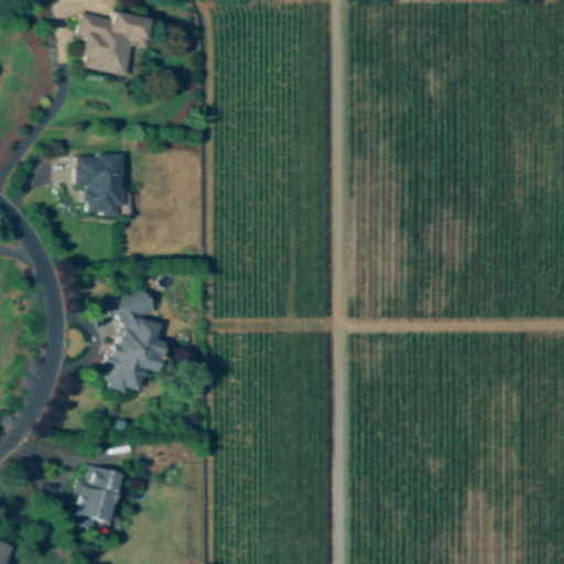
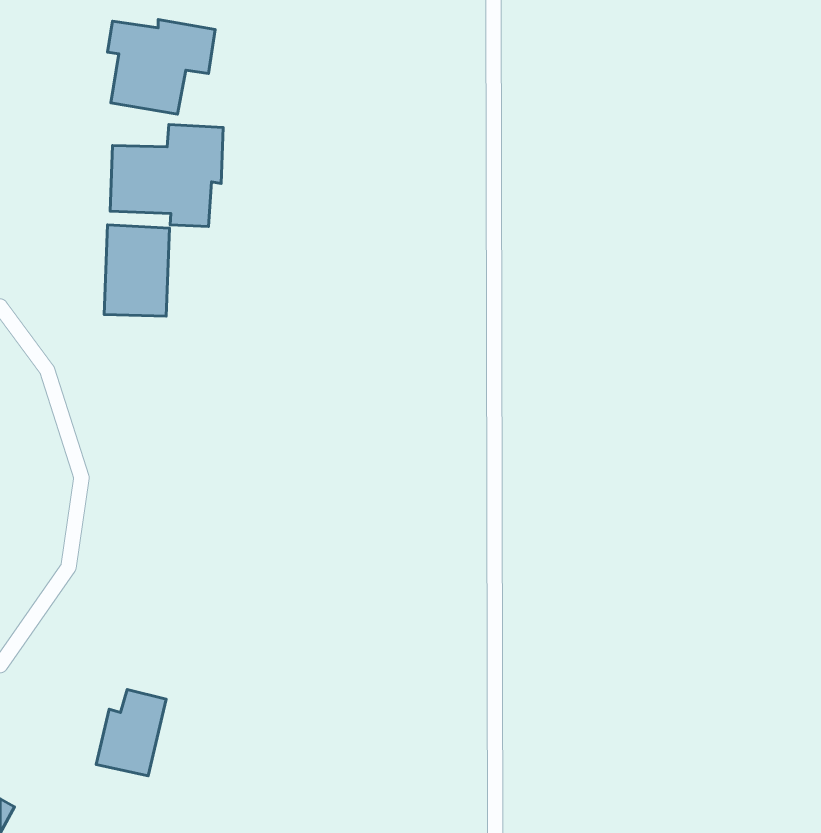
building: none -> [110,125,223,227]
building: [104,285,162,392] -> none

